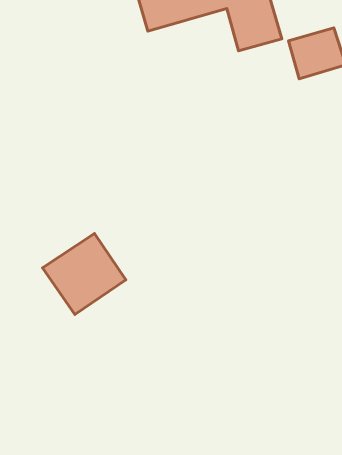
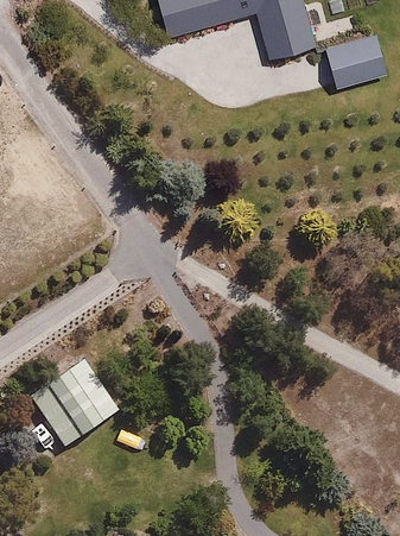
building: [42,233,126,314] -> [26,359,118,448]

